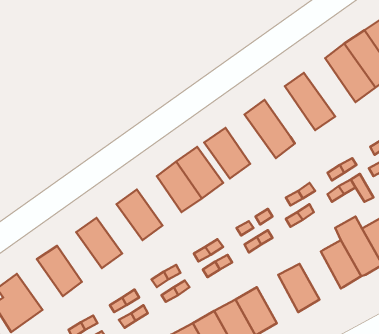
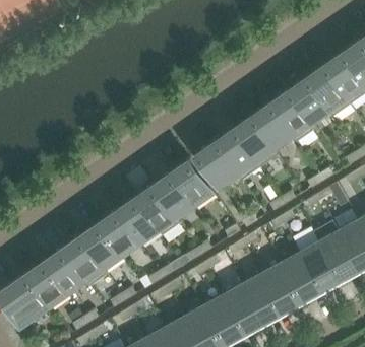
building: none -> [287,78,328,131]
building: none -> [251,103,292,149]
building: none -> [216,129,261,181]
building: none -> [135,185,181,236]
building: none -> [99,210,140,255]
building: none -> [63,235,109,287]
building: none -> [283,253,320,296]
building: none -> [26,260,68,305]
building: none -> [244,274,282,318]

